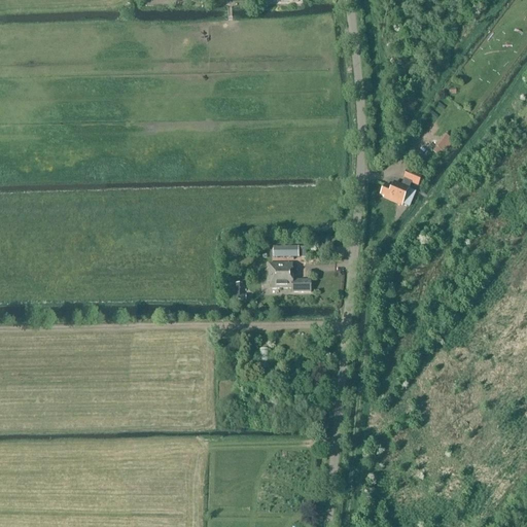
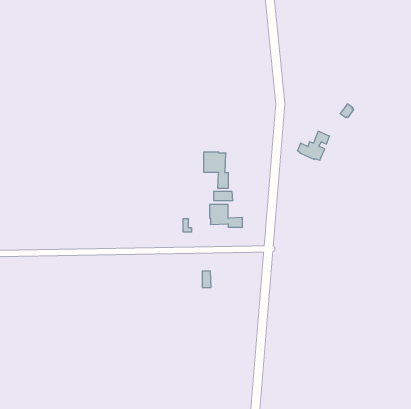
building: none -> [204,152,228,188]

